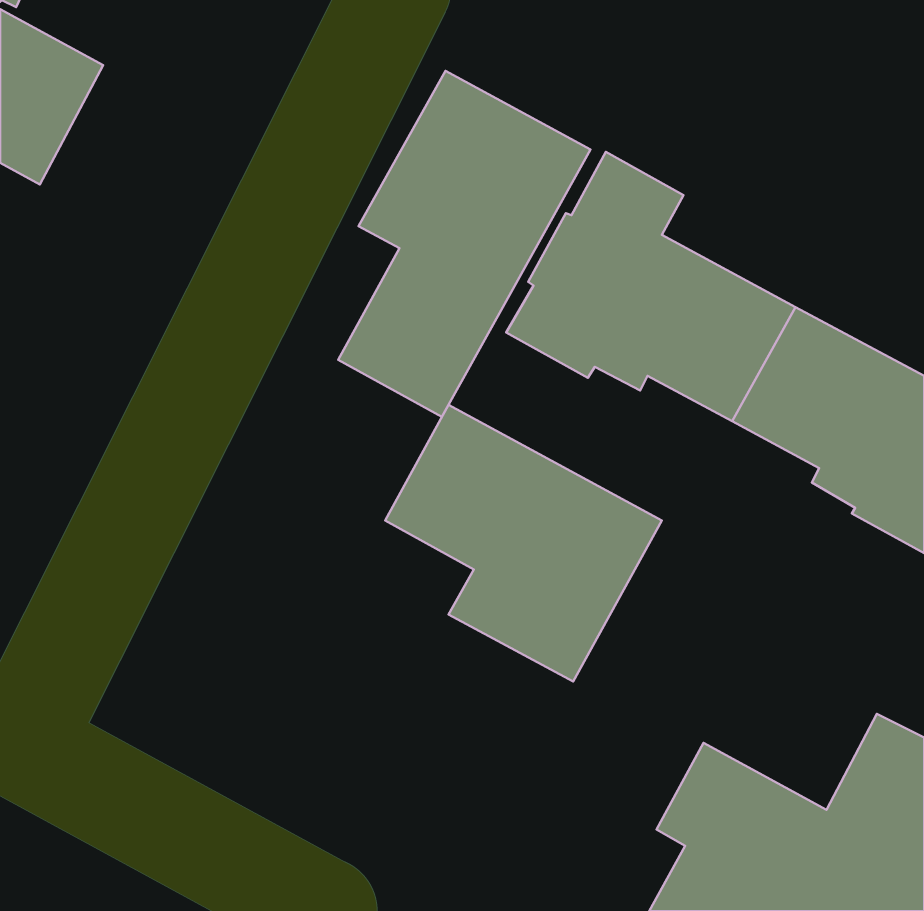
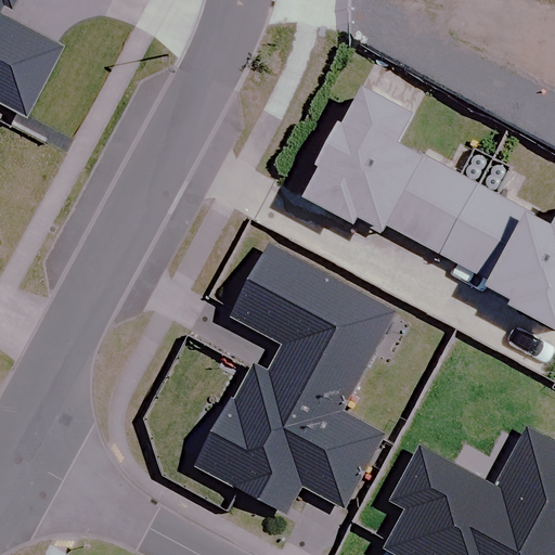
building: [338,71,590,417] -> none
building: none -> [196,361,384,512]

